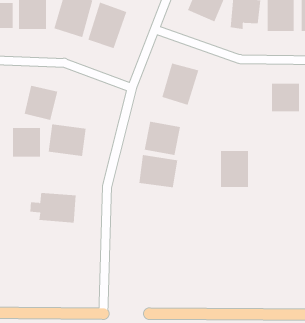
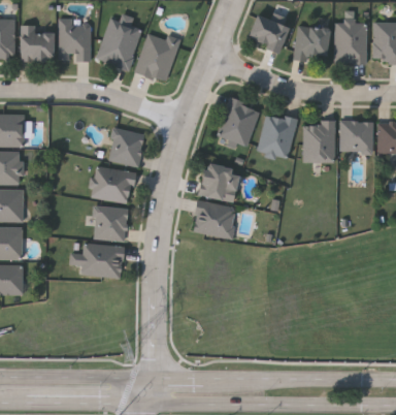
building: none -> [257,113,297,159]
building: [24,85,58,120] -> [107,127,145,166]
building: [12,127,41,157] -> [94,206,126,240]
building: [220,150,249,187] -> [303,121,335,162]

